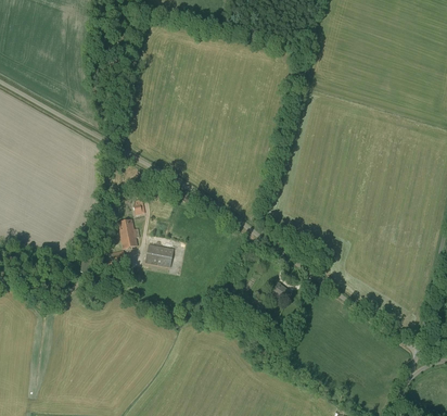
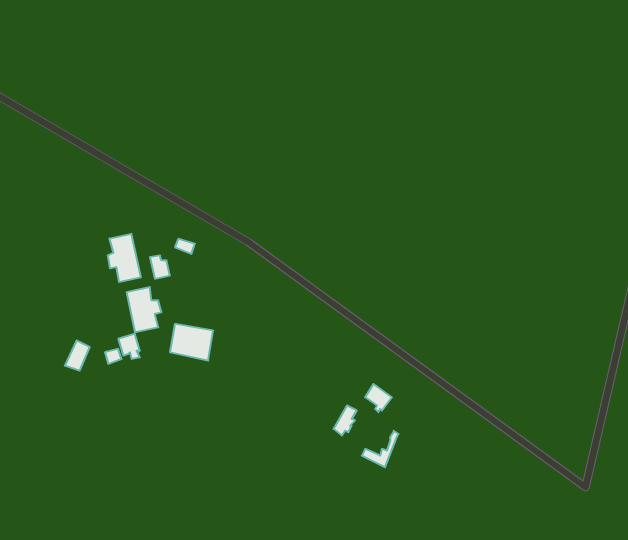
building: none -> [108,234,141,282]

